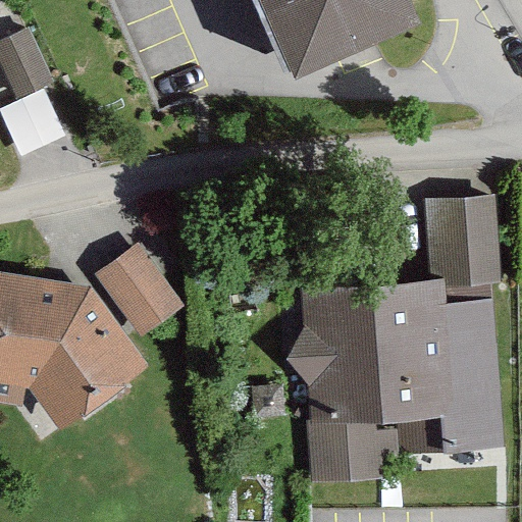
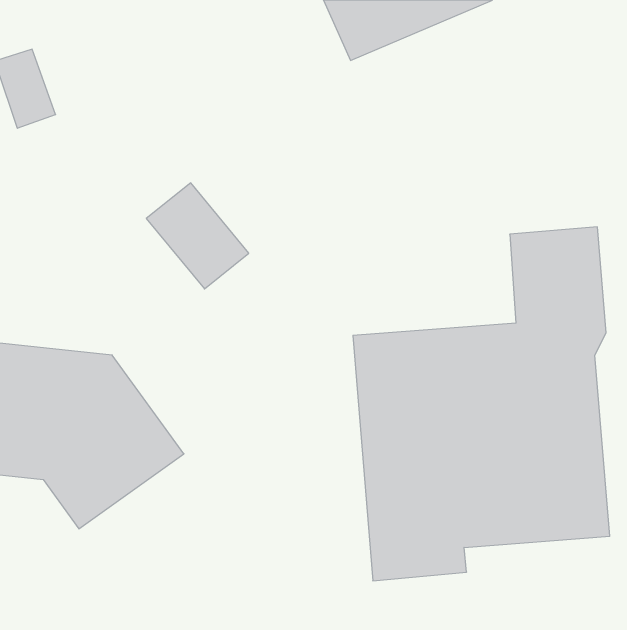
building: [101,253,186,341] -> [146,183,249,289]

